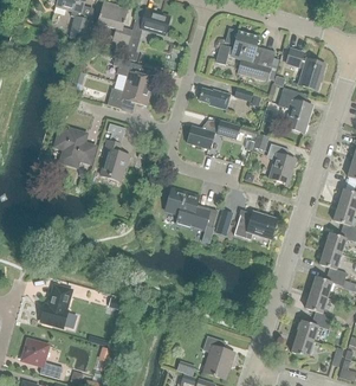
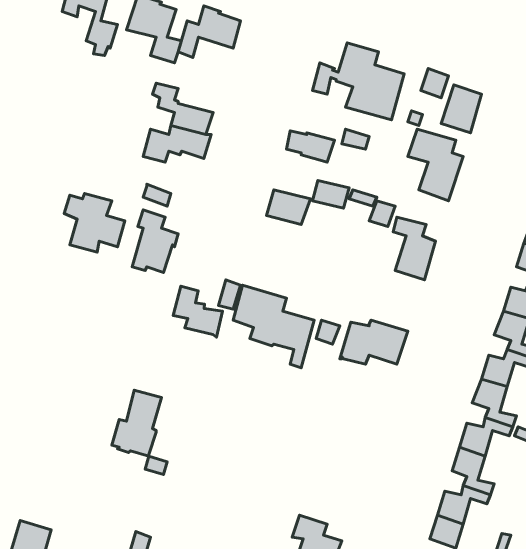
building: none -> [173,286,222,337]
building: [39,284,71,327] -> [112,390,162,456]

